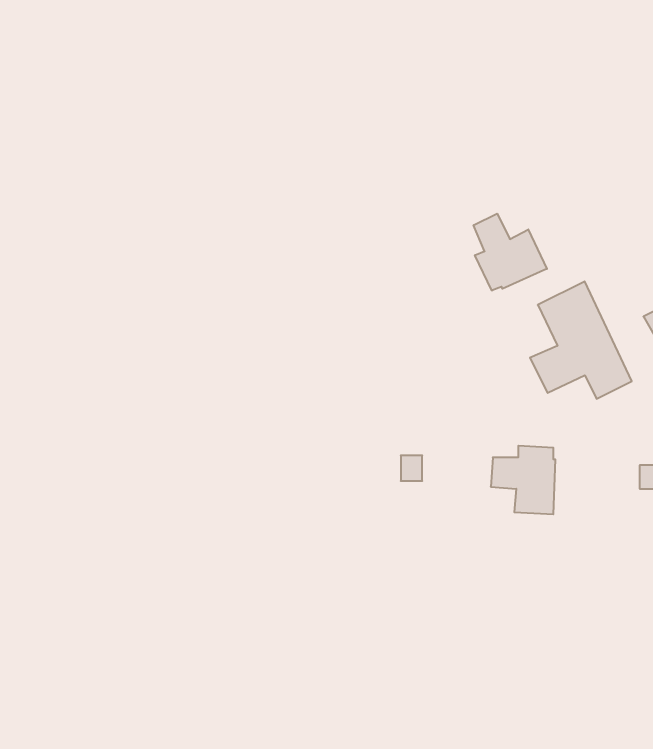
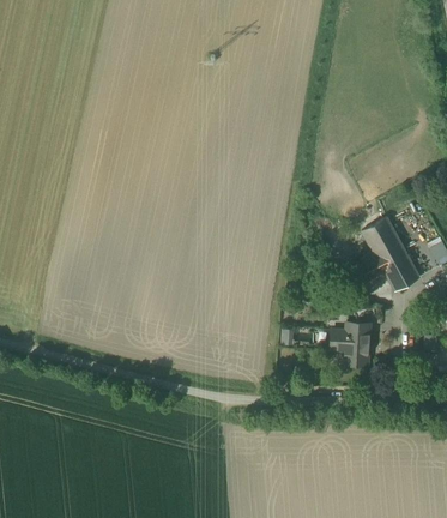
building: [474,214,547,291] -> none

